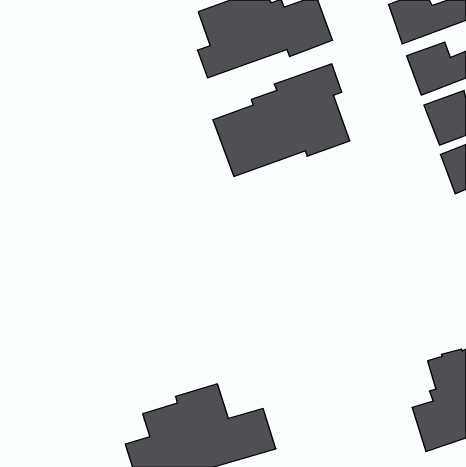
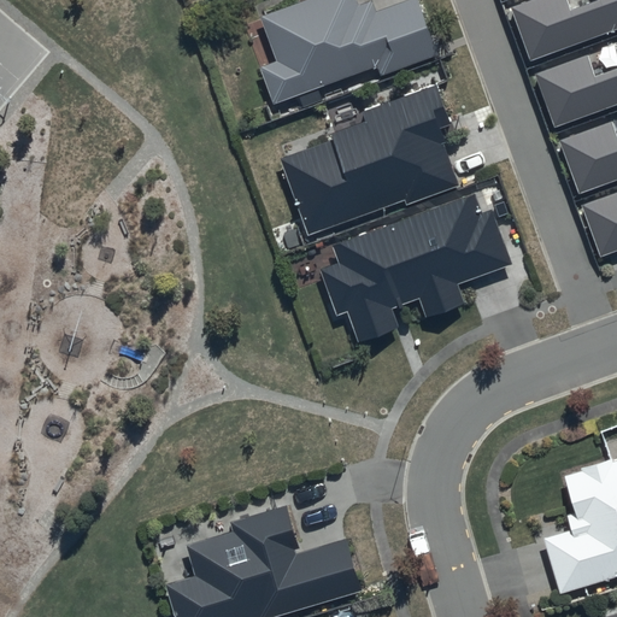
building: none -> [323,193,513,341]

